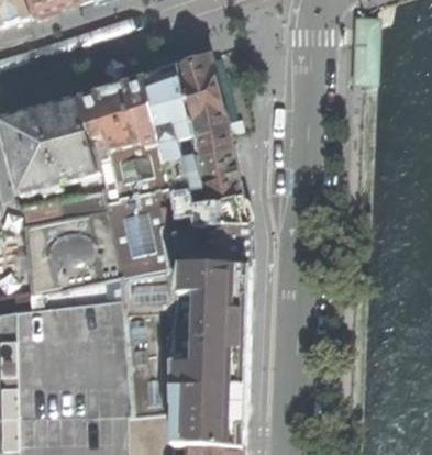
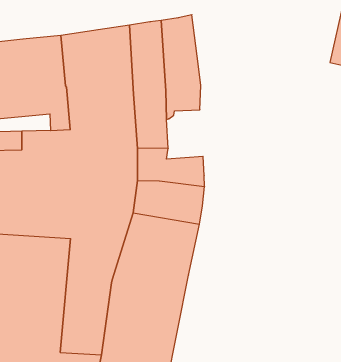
building: [196,146,239,201] -> none

